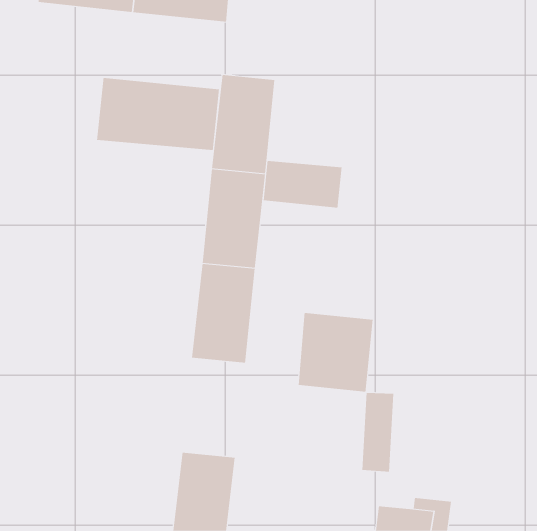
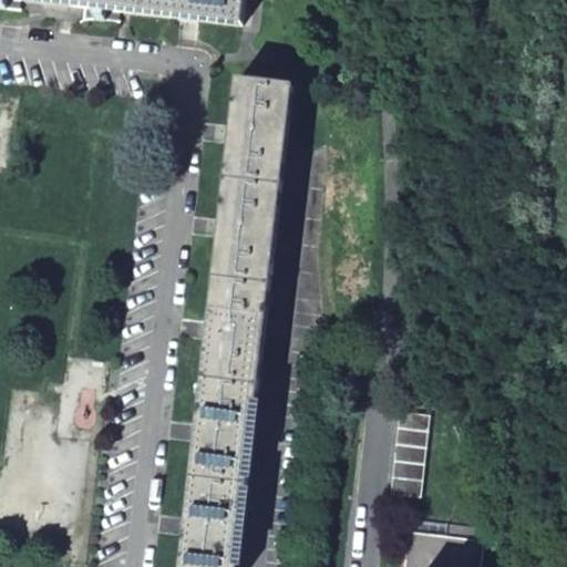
building: [96,77,220,151] -> none
building: [263,160,342,208] -> none
building: [298,312,373,392] -> none
building: none -> [192,378,259,483]

